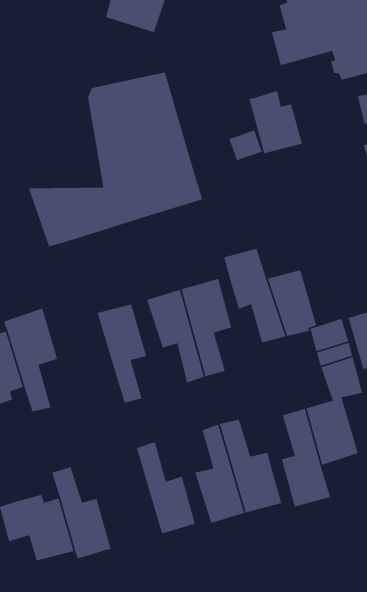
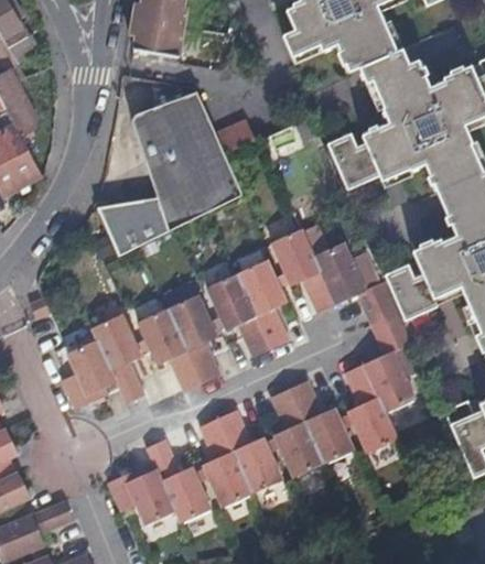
building: [248,90,303,154] -> [328,135,381,193]
building: none -> [138,305,203,390]
building: none -> [201,417,251,505]

